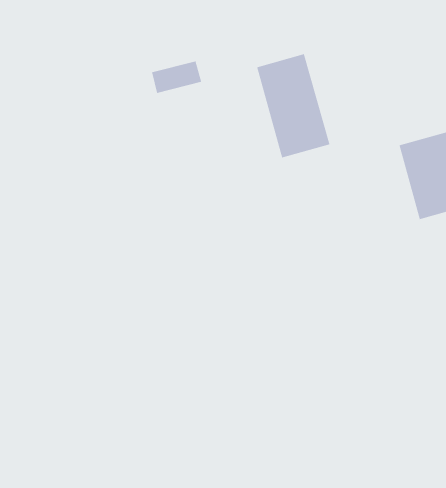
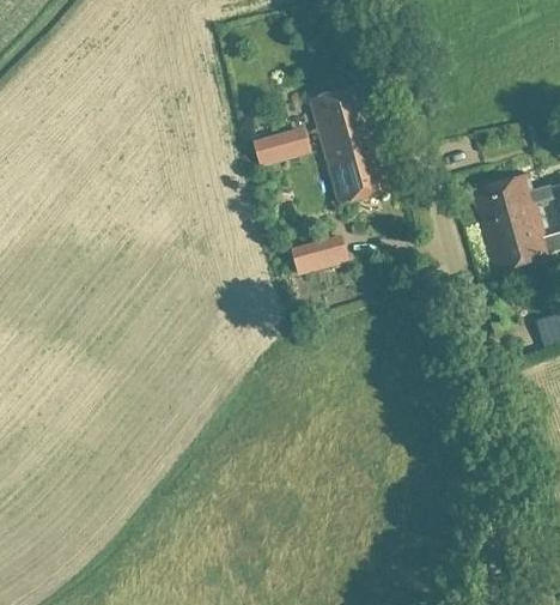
building: [151,60,202,94] -> [252,126,311,164]
building: none -> [292,237,347,273]

